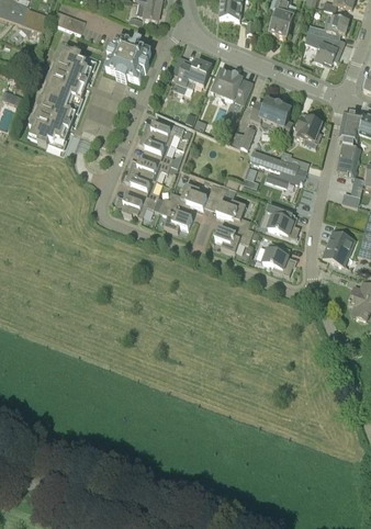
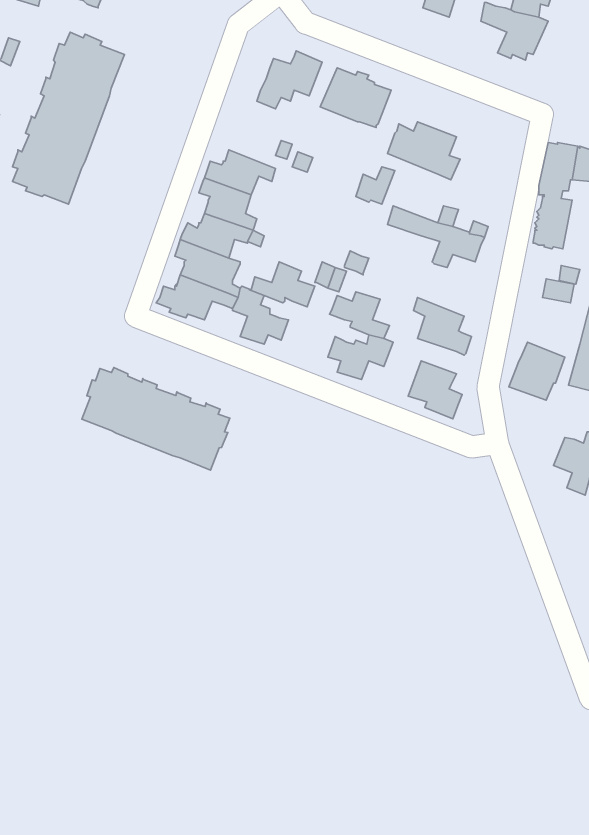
building: [106,37,151,80] -> none
building: [294,115,323,142] -> none
building: none -> [82,367,230,470]

